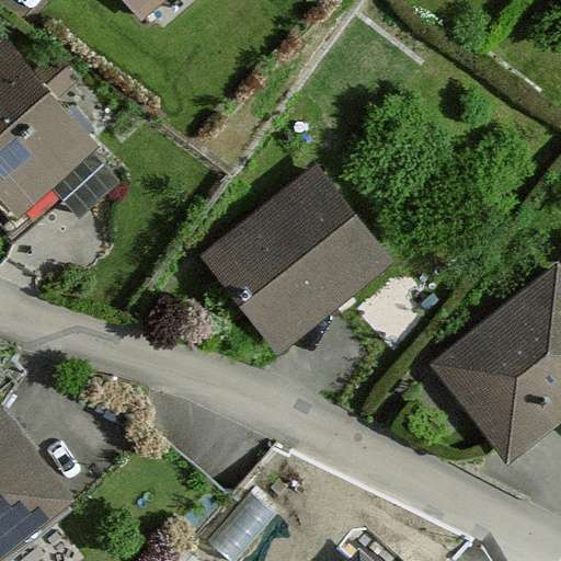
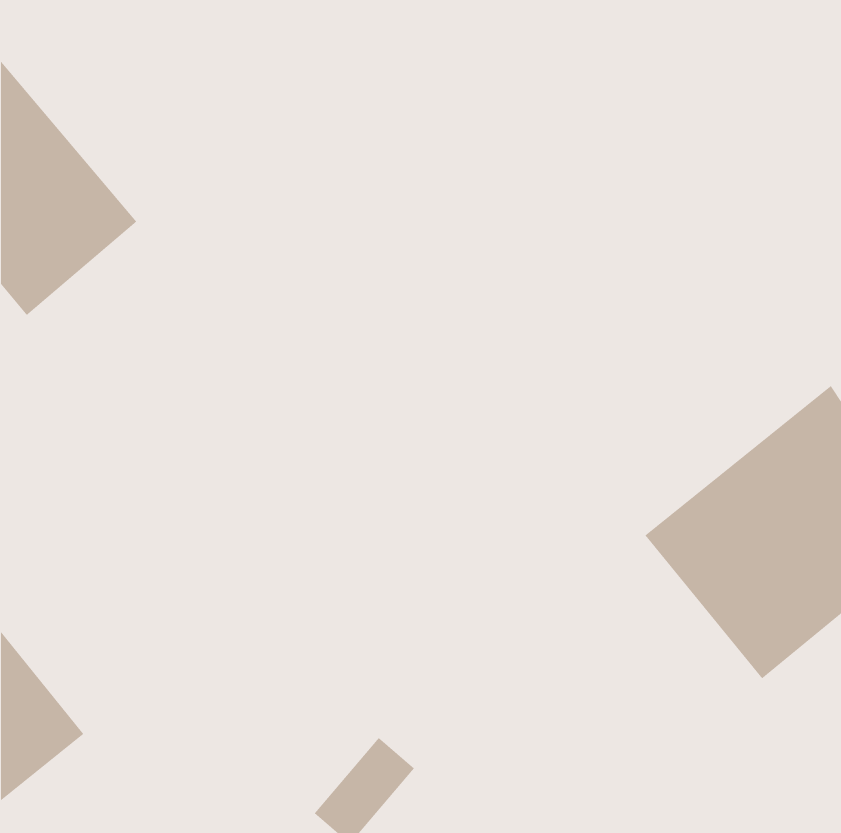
building: [205,170,390,352] -> none

